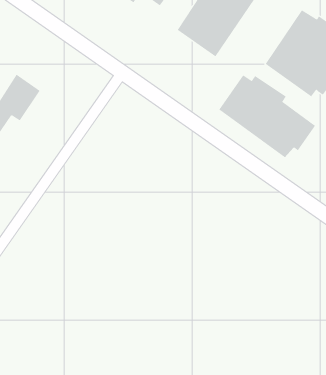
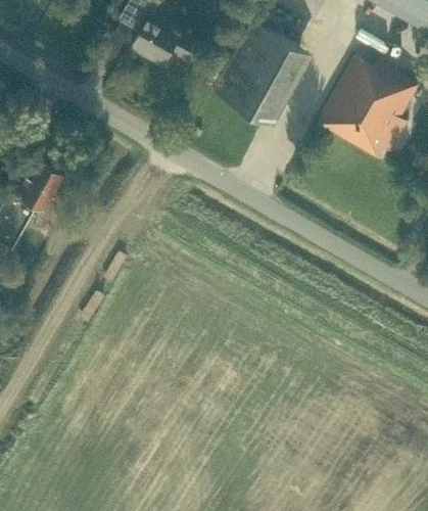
building: [218,74,316,158] -> none

